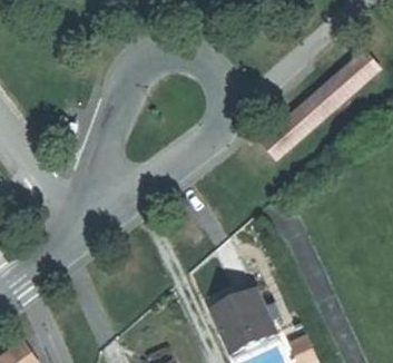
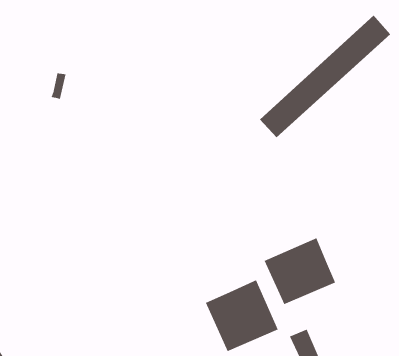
building: none -> [264,237,336,305]

